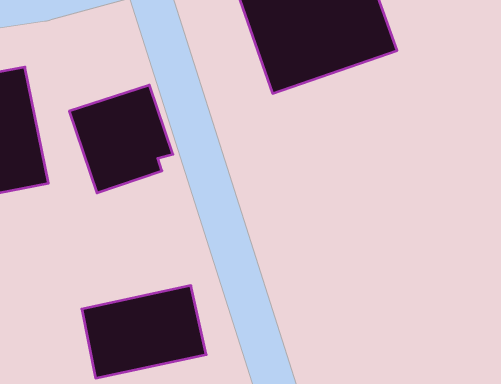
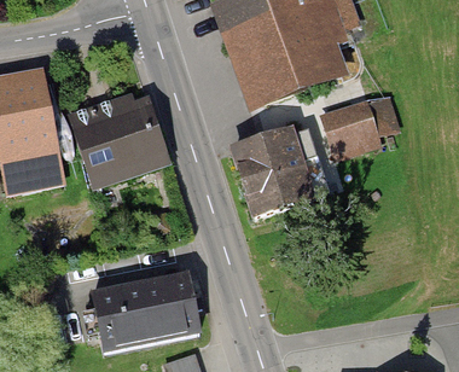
building: none -> [330,89,406,146]
building: none -> [242,122,330,217]

